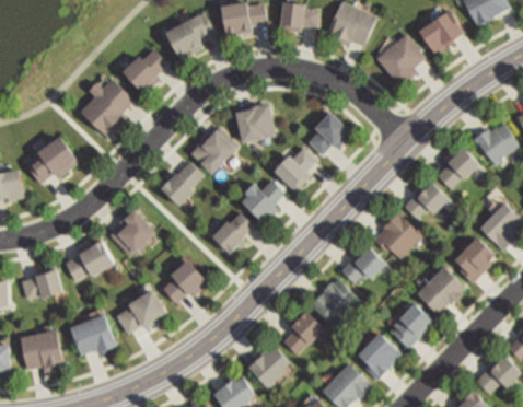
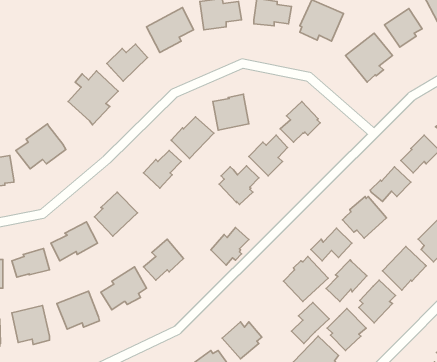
building: [212,212,253,253] -> [211,227,249,265]
building: none -> [326,260,367,301]
building: [282,312,323,356] -> [291,303,329,343]

